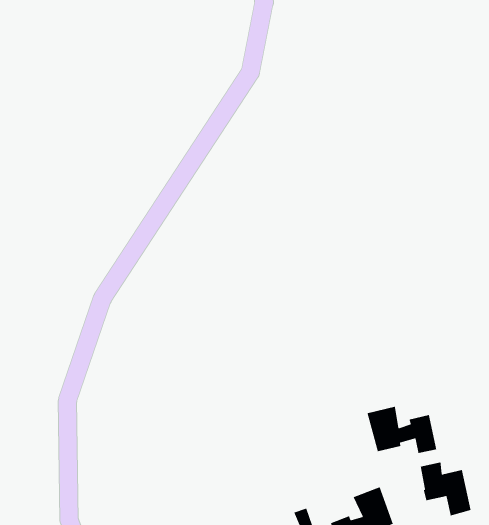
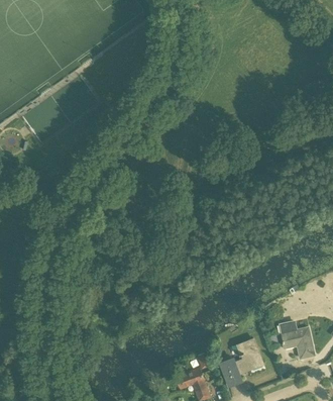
building: [367,406,437,454] -> none

